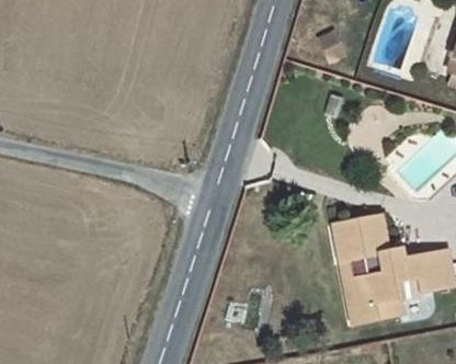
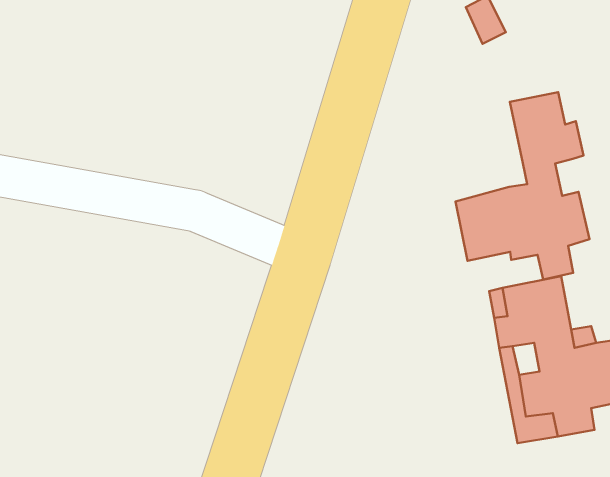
building: none -> [455,92,589,279]

